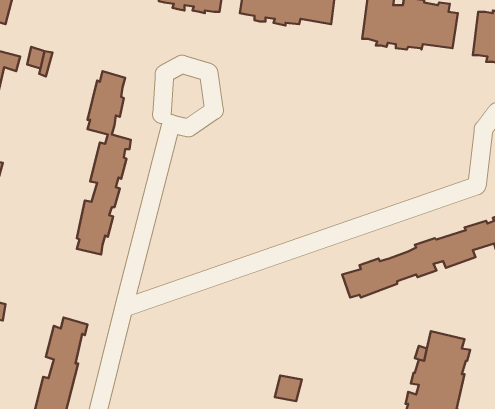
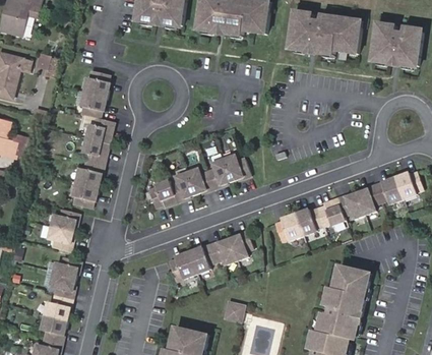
building: none -> [148,156,250,206]
building: none -> [41,208,79,250]
building: none -> [168,230,252,280]

